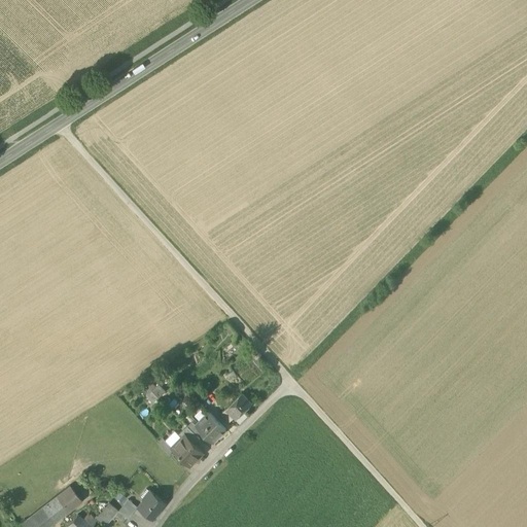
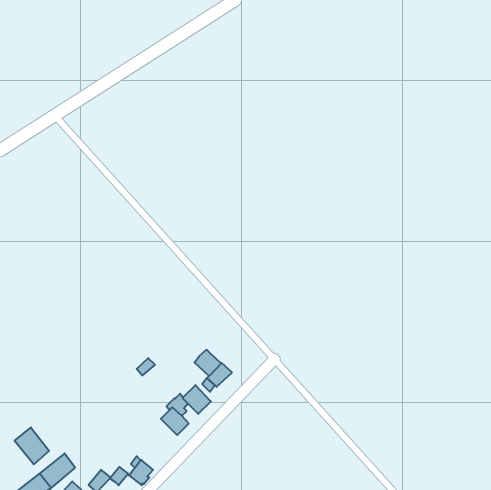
building: none -> [194,350,221,376]
building: none -> [15,427,49,464]

